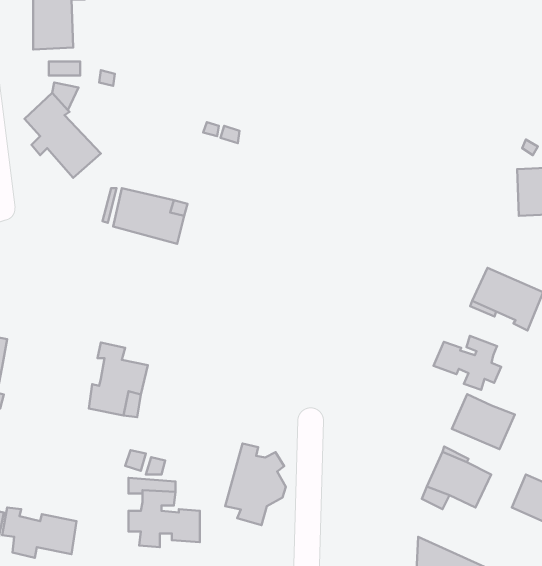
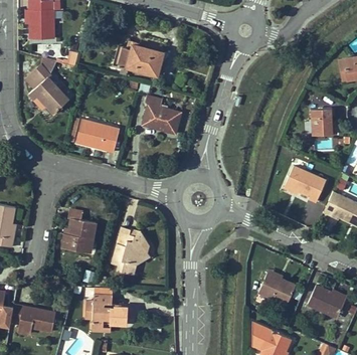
building: none -> [113,45,164,75]
building: none -> [143,96,181,134]
building: [433,336,501,390] -> none
building: [452,394,515,449] -> none
building: [225,444,286,525] -> [112,227,147,275]

